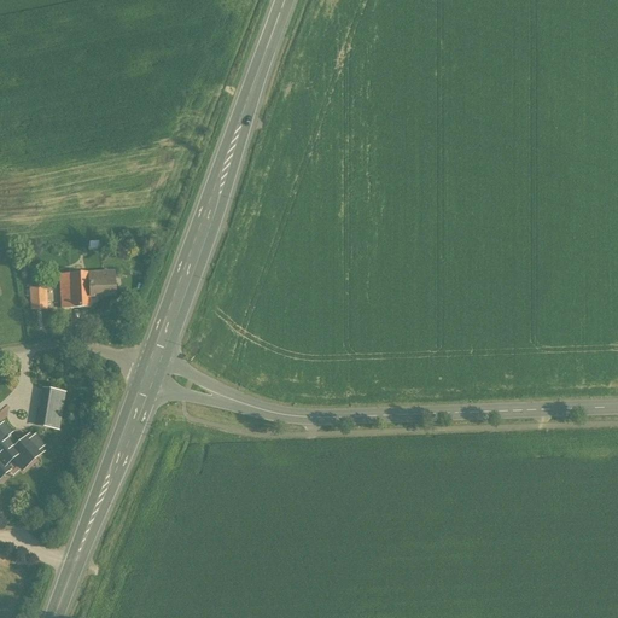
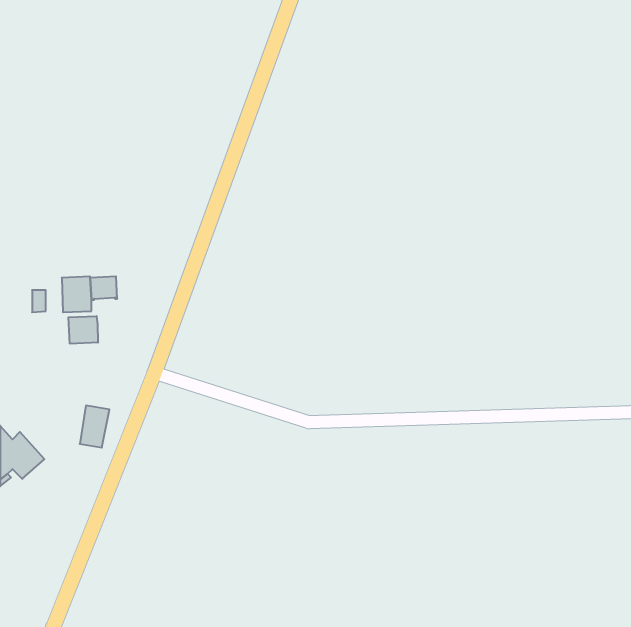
building: none -> [68,316,98,344]
building: [36,386,65,427] -> [80,406,109,448]

